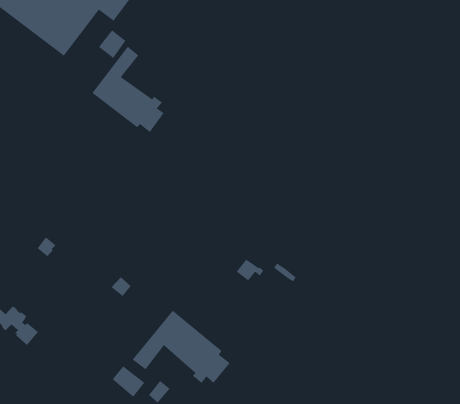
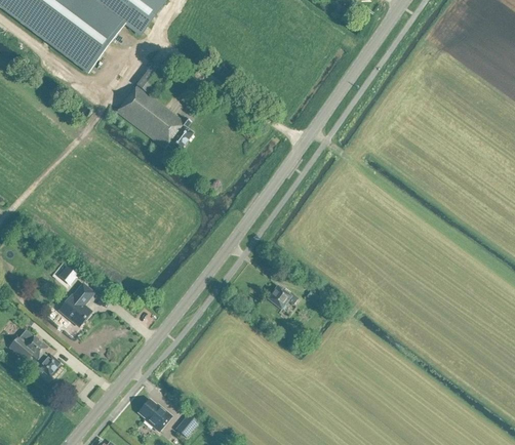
building: [98,30,126,59] -> none
building: none -> [60,282,93,324]
building: [132,310,231,384] -> none

